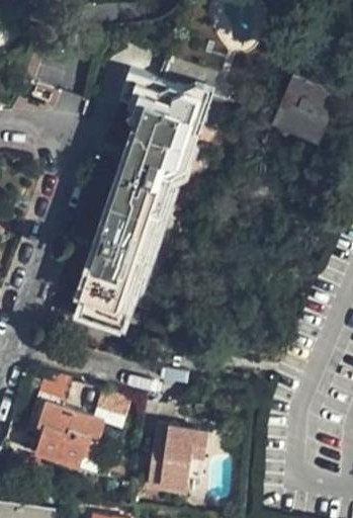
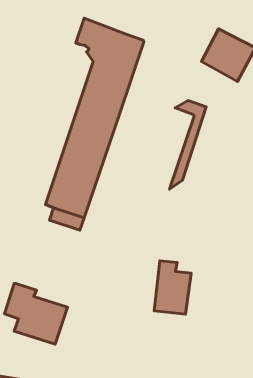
building: [171,75,216,184] -> [169,100,206,189]
building: [149,425,194,491] -> [154,261,191,314]

